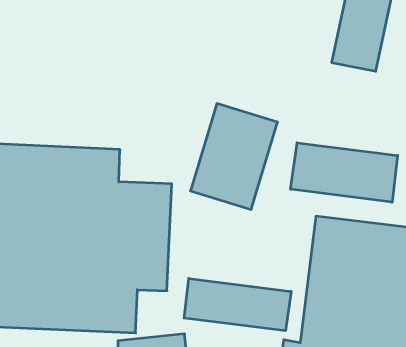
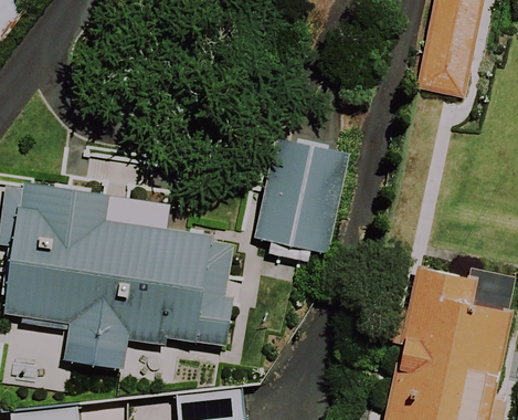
building: [291,143,398,202] -> none
building: [184,278,291,331] -> none

